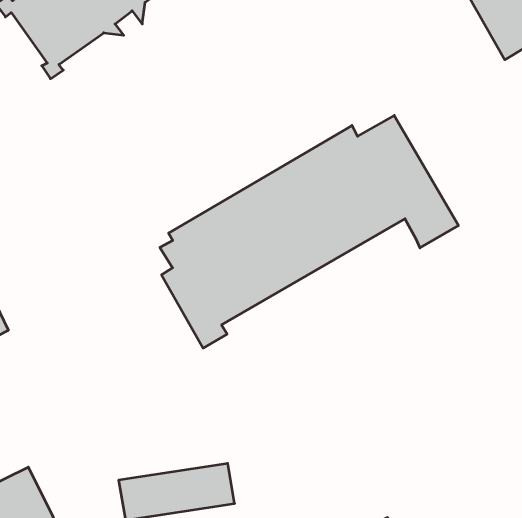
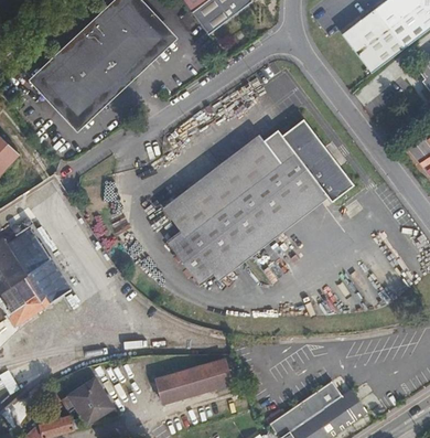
building: none -> [208,185,327,281]

